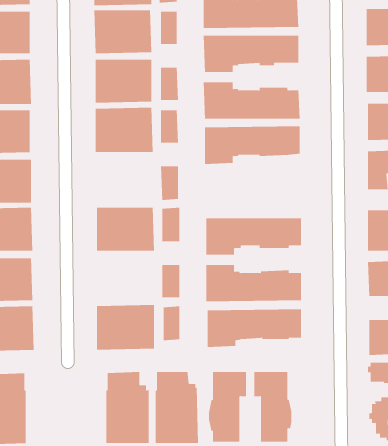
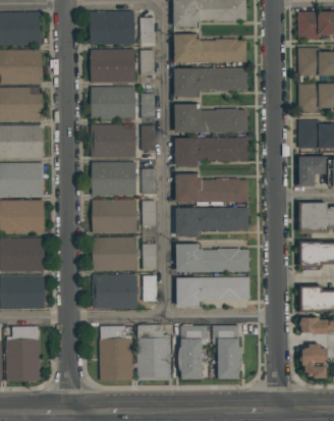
building: none -> [91,162,135,196]
building: none -> [174,173,247,203]
building: none -> [92,236,136,271]

